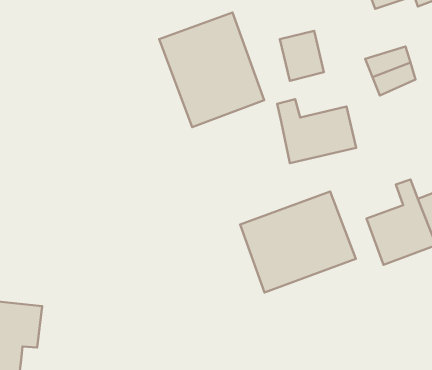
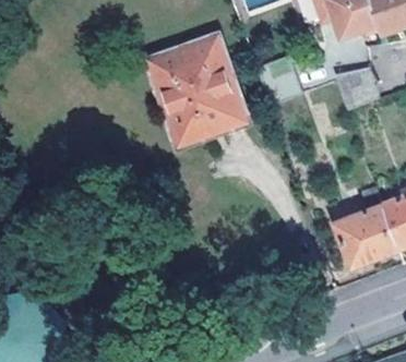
building: [277,99,356,163] -> none
building: [240,191,356,293] -> none

